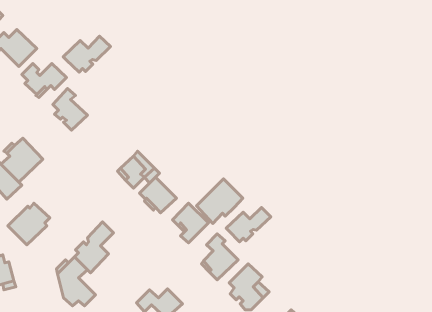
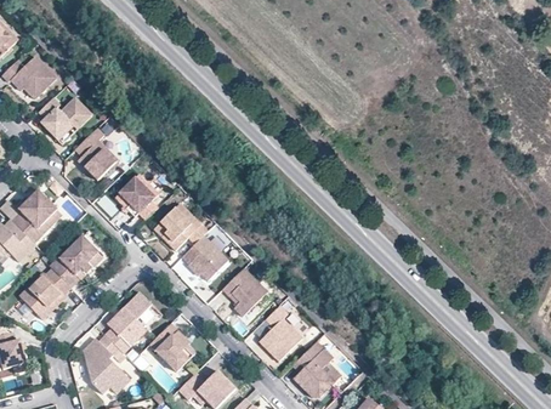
building: [63,36,110,72] -> none
building: none -> [114,171,159,218]
building: none -> [52,235,106,285]
building: [196,179,243,223] -> none
building: [226,207,271,242] -> none
building: none -> [149,323,194,370]

